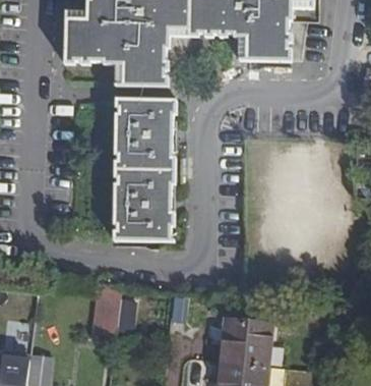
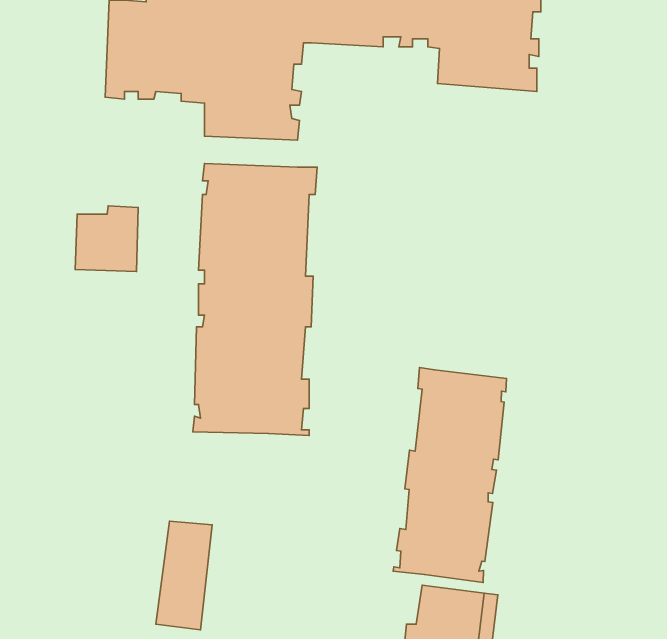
building: none -> [75,206,138,272]
building: none -> [393,368,506,582]

